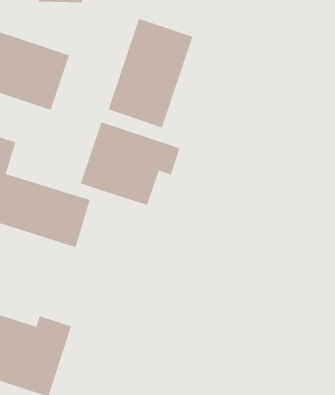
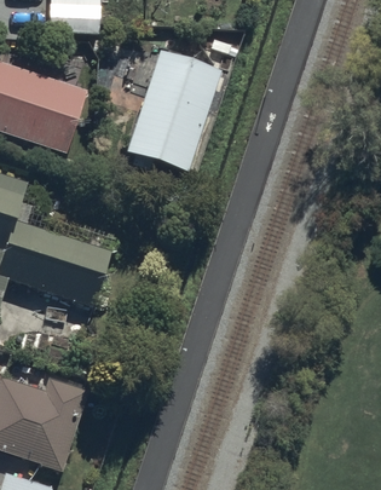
building: [80,122,180,206] -> none

